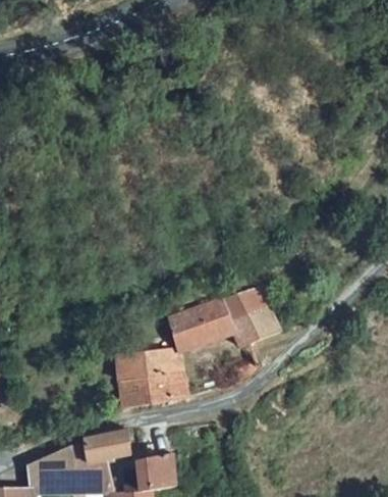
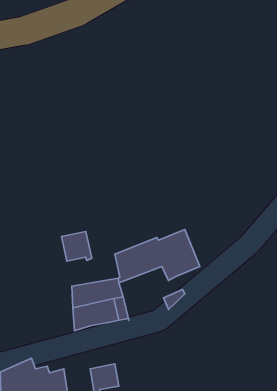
building: none -> [62,232,92,261]
building: [67,430,129,464] -> none

